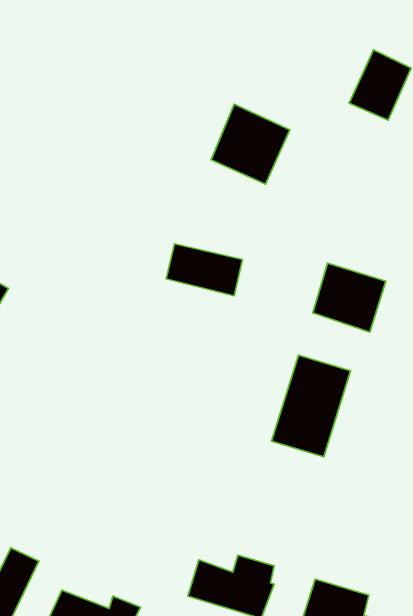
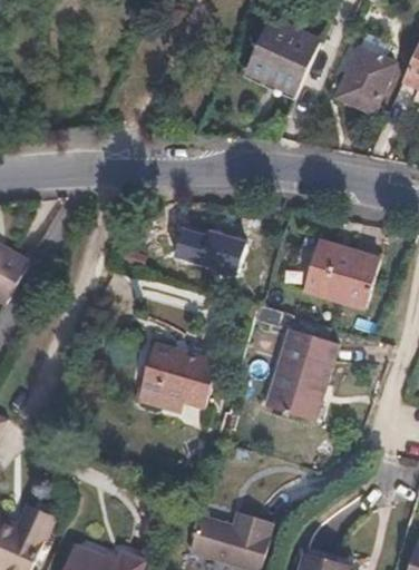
building: [211,104,290,184] -> [251,14,323,88]
building: none -> [139,343,217,409]

